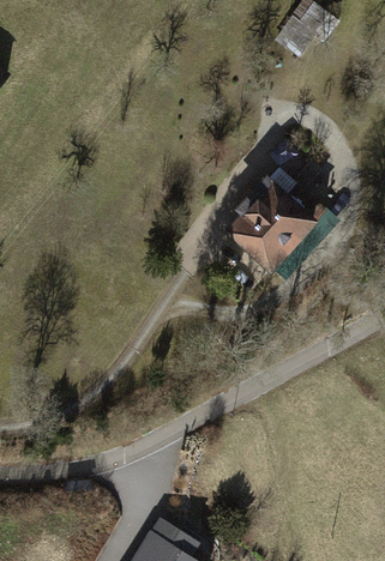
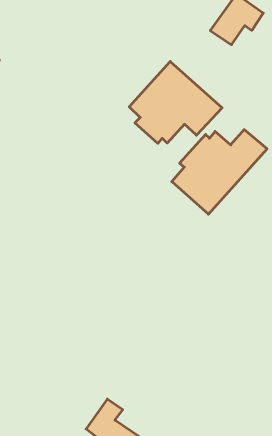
building: none -> [129,61,222,143]

